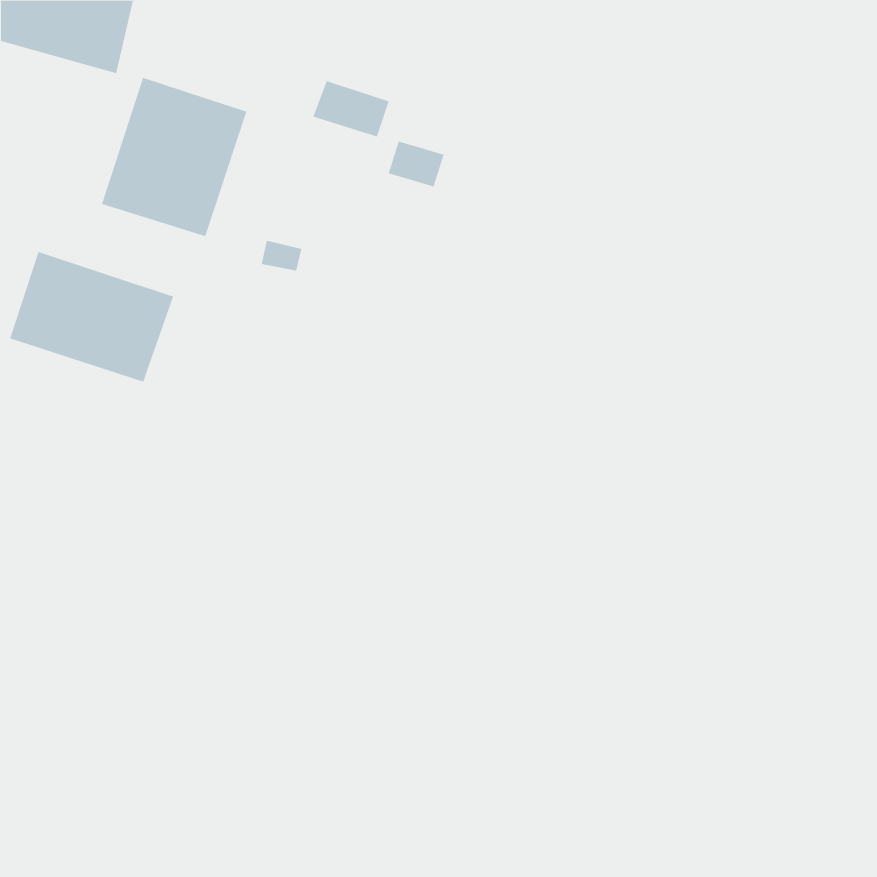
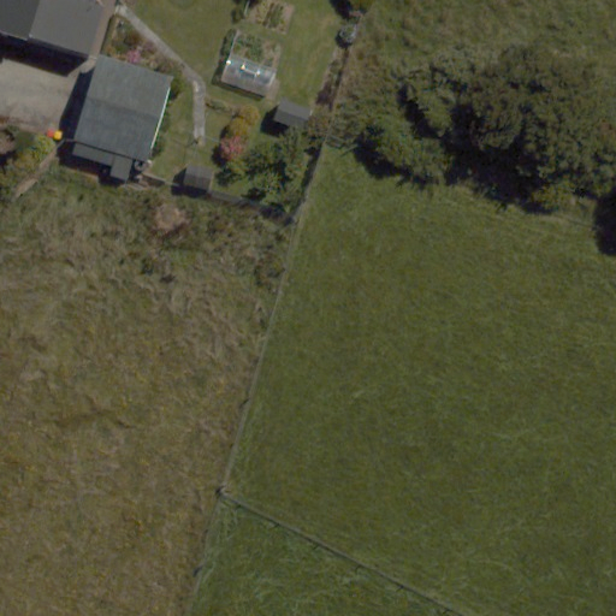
building: [10,251,174,383] -> none

